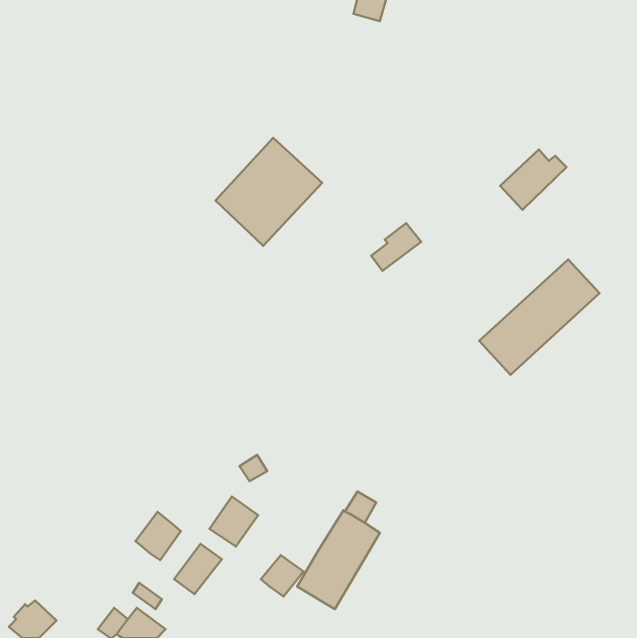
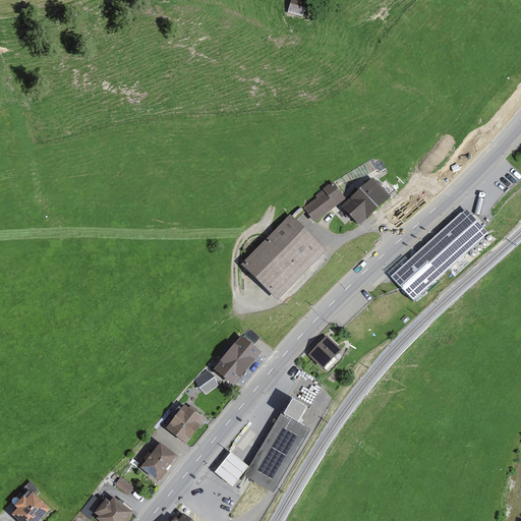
building: [216,138,322,246] -> [238,212,325,299]
building: [500,150,567,210] -> [339,175,393,224]
building: none -> [217,333,266,386]
building: none -> [308,337,338,366]
building: [136,512,181,560] -> none

